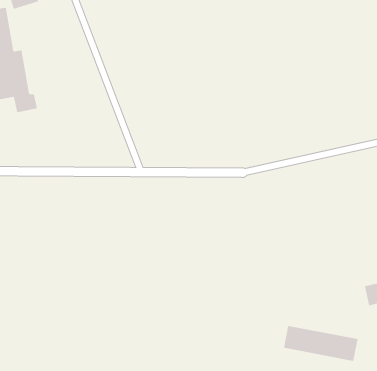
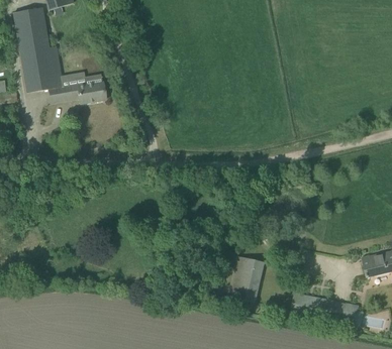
building: none -> [68,72,105,102]
building: none -> [229,255,263,301]

